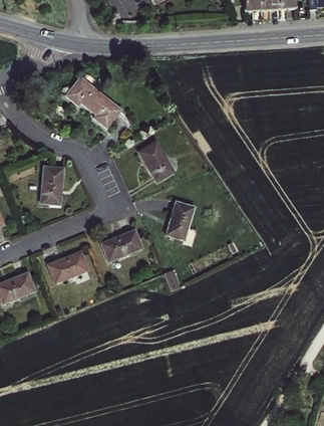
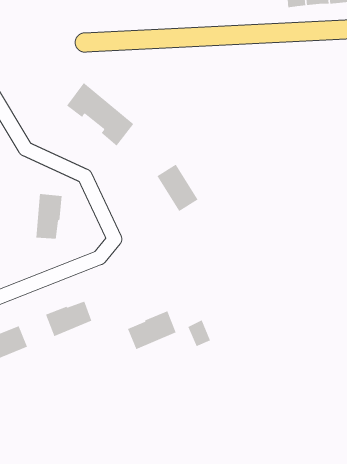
building: [165,199,193,237] -> none
building: [100,227,140,259] -> [127,310,177,350]

